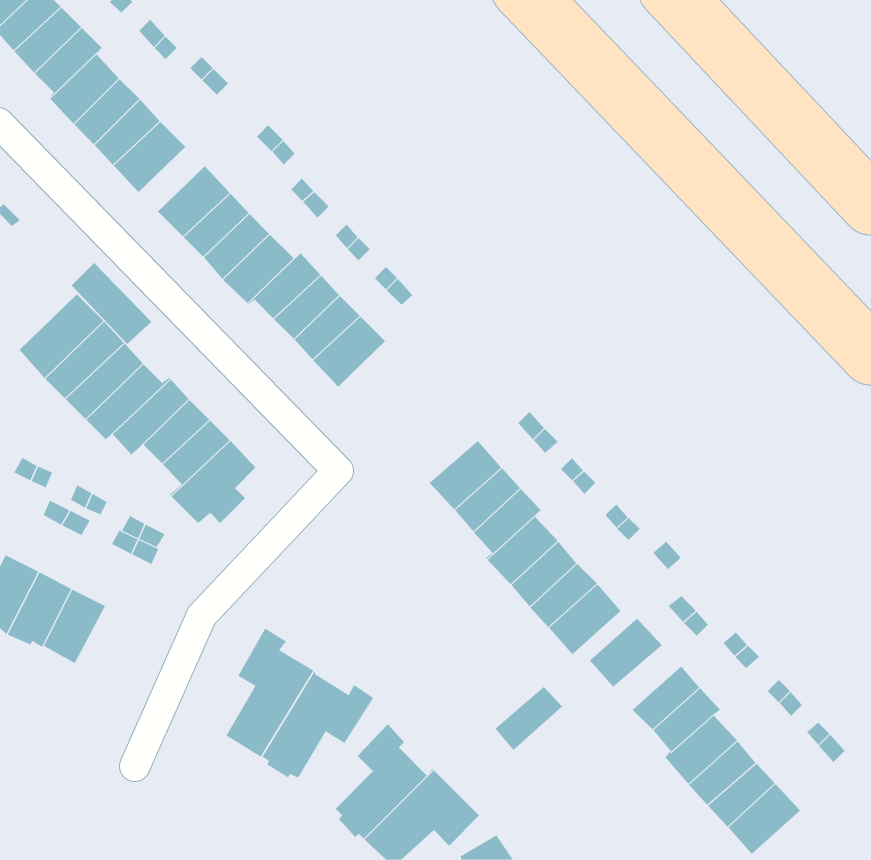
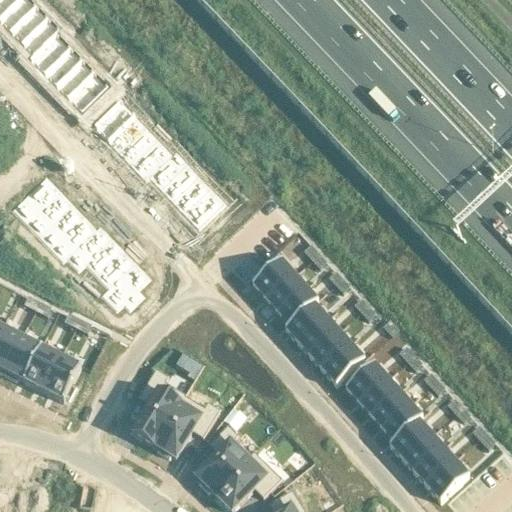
building: [71,262,152,345] -> none
building: none -> [44,355,82,399]
building: [494,686,563,751] -> [359,378,399,416]

